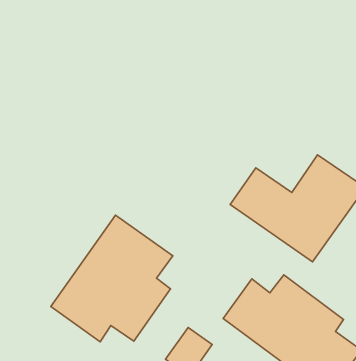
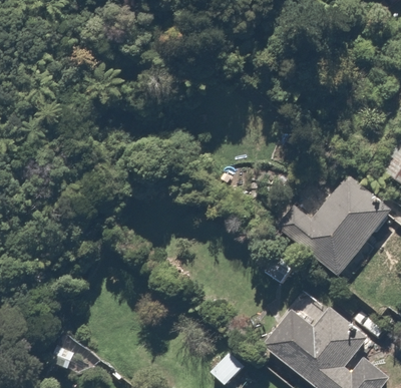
building: [51,215,173,342] -> none

